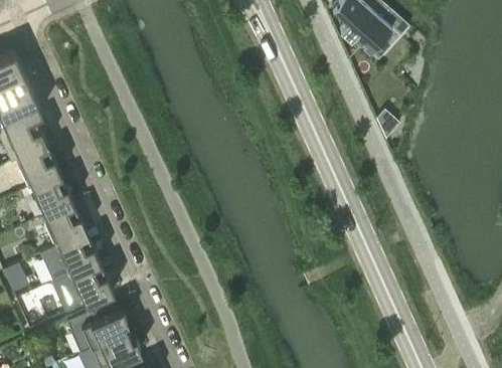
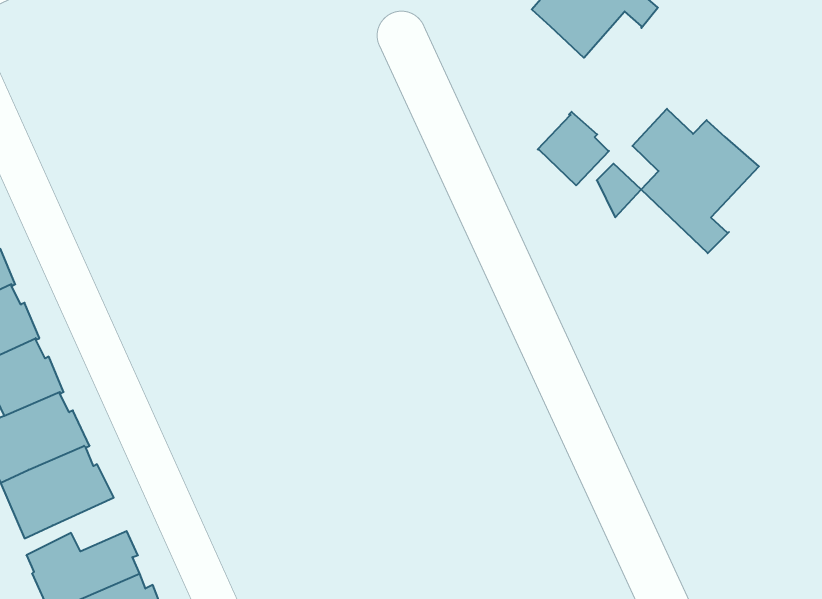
building: none -> [632,109,759,253]
building: none -> [538,112,609,185]

